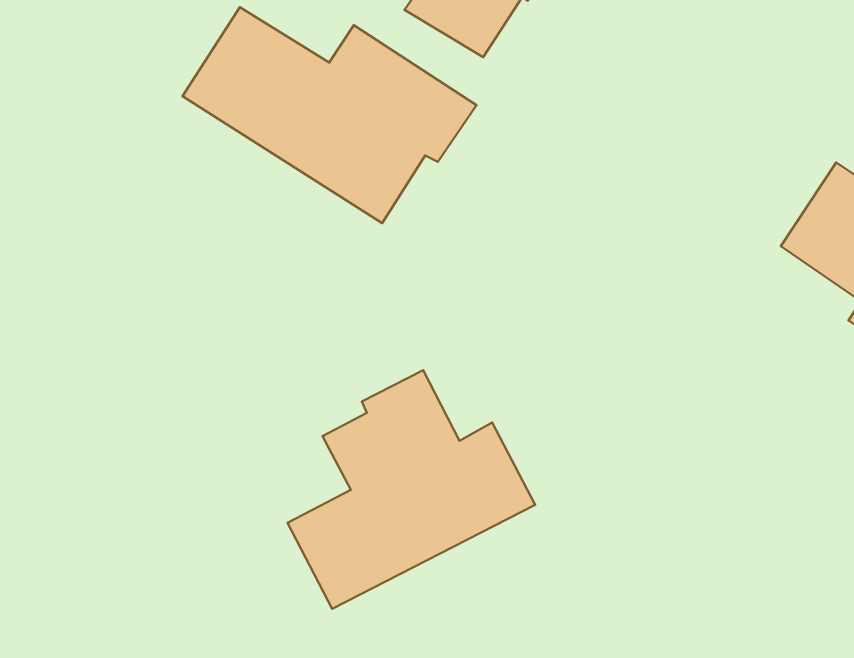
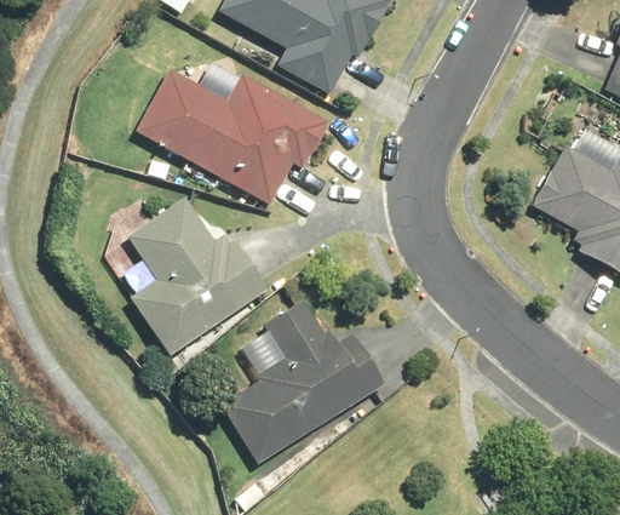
building: none -> [127,199,266,353]

